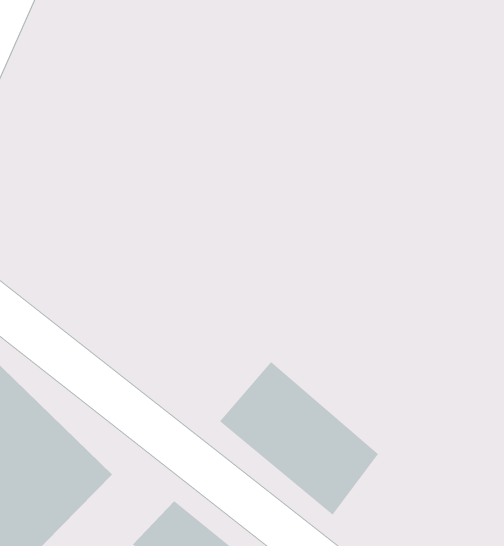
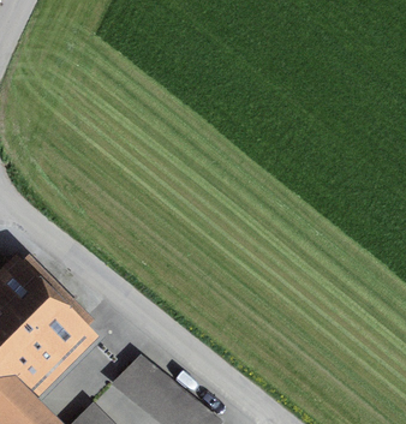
building: [219,361,379,516] -> none

